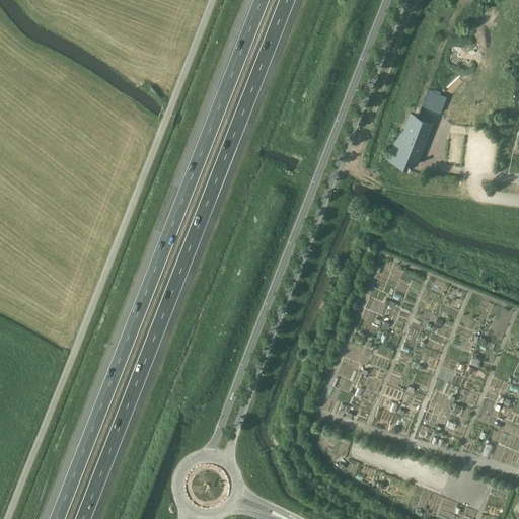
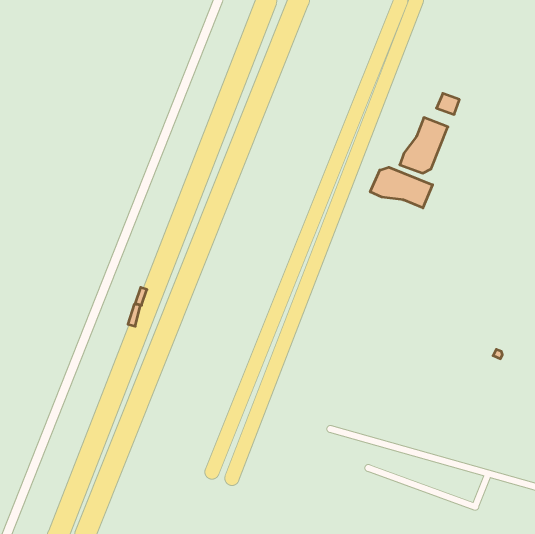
building: none -> [370,167,433,208]

